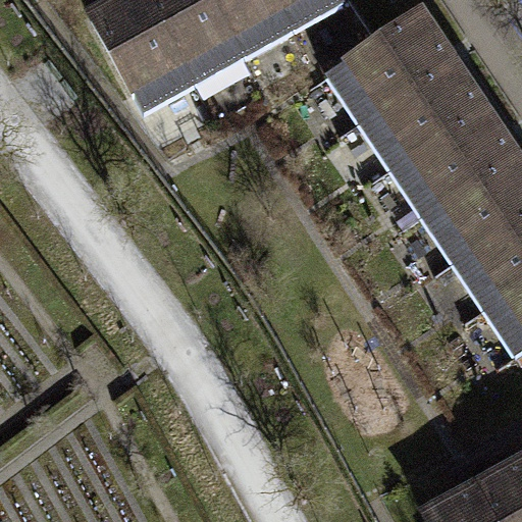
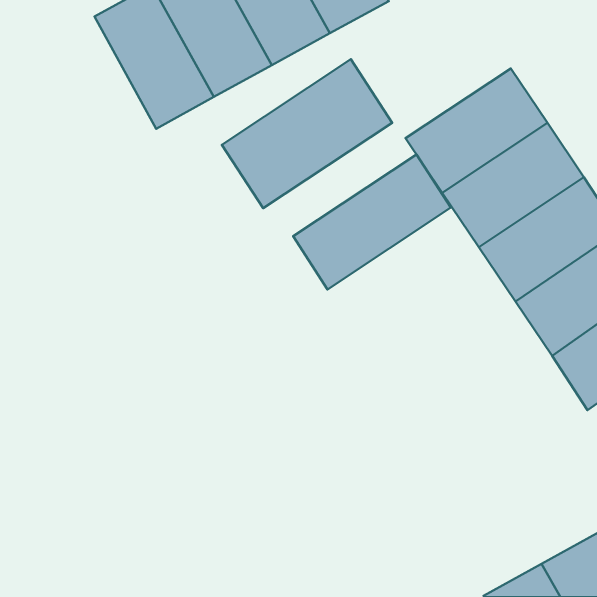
building: [325,12,447,119] -> none
building: none -> [222,59,392,208]
building: none -> [293,154,451,289]

